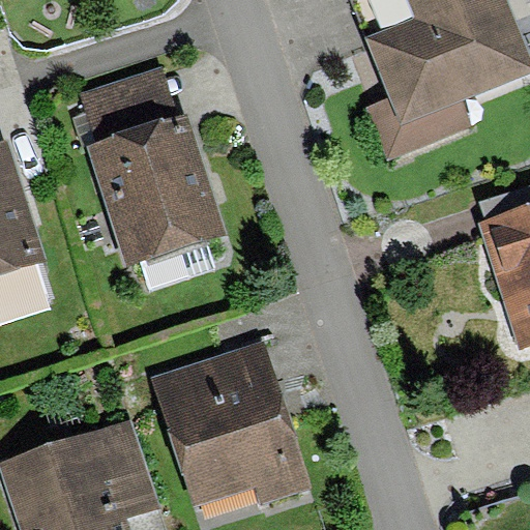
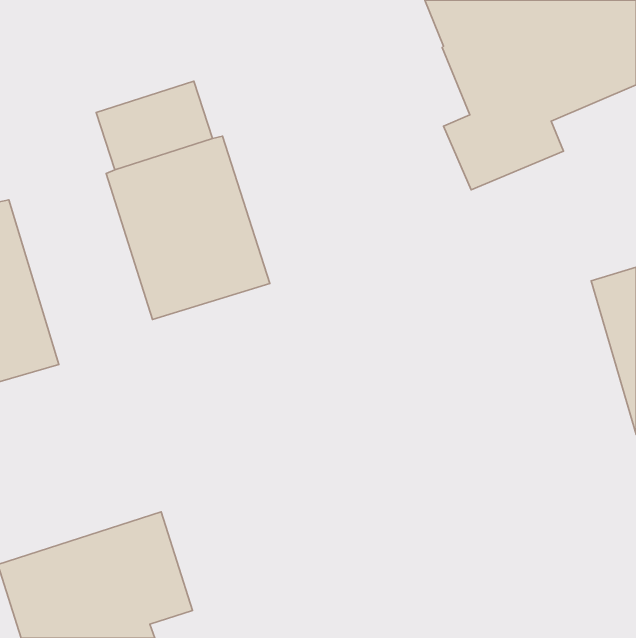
building: [152,345,307,507] -> none

